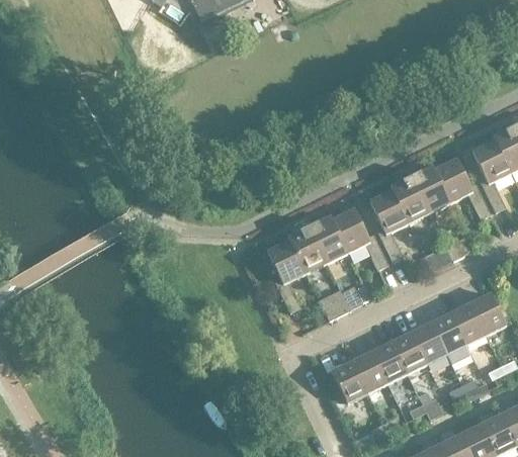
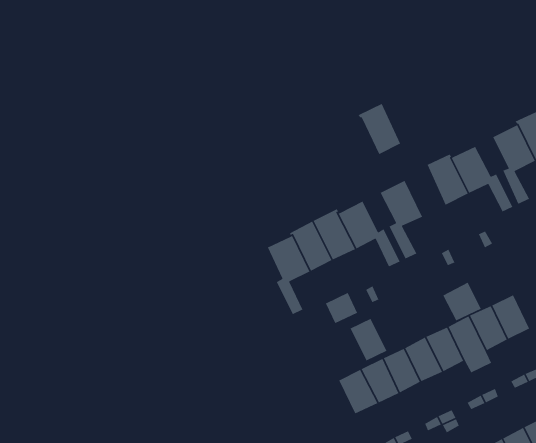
building: [390,176,429,223] -> [358,103,401,155]
building: none -> [442,282,482,322]
building: none -> [350,318,388,361]

